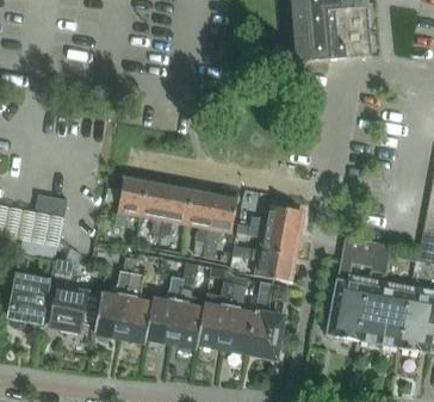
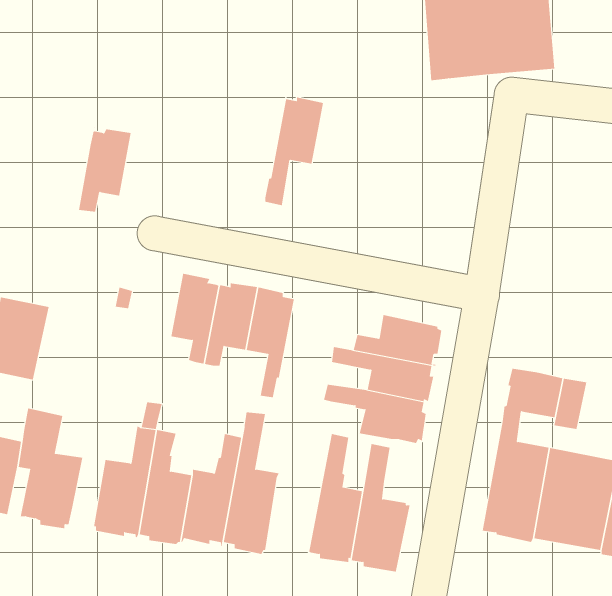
building: [116,174,148,225] -> [78,127,132,212]
building: [203,191,238,258] -> [264,95,324,206]
building: [198,272,237,348] -> none

